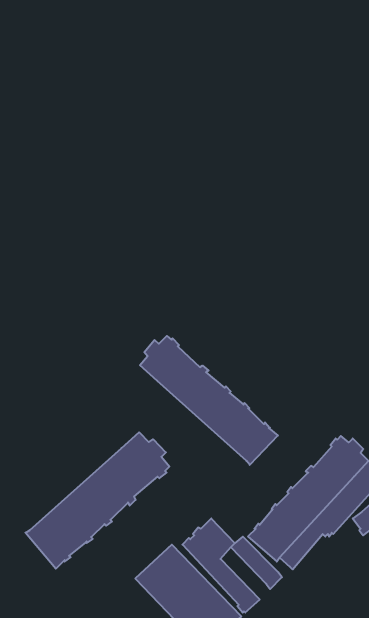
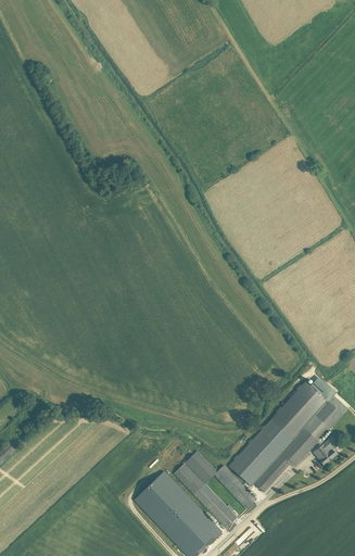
building: [140,336,278,465] -> none
building: [25,432,169,569] -> none

